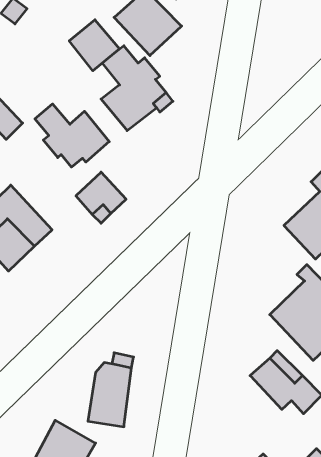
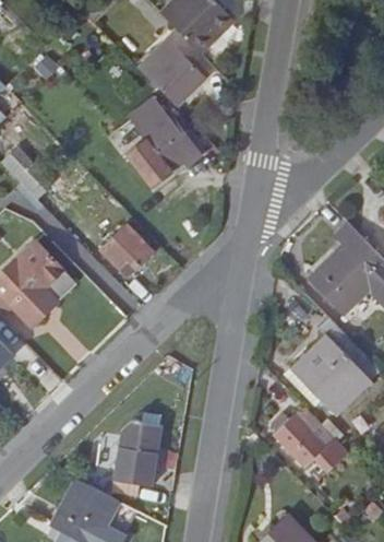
building: [69,20,120,71] -> none
building: [35,104,109,167] -> none

